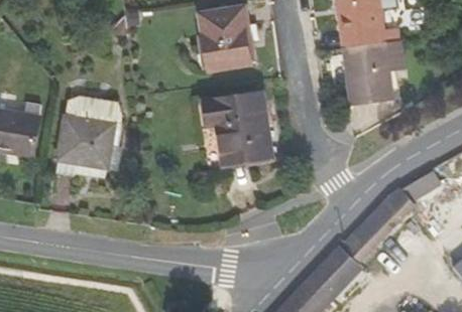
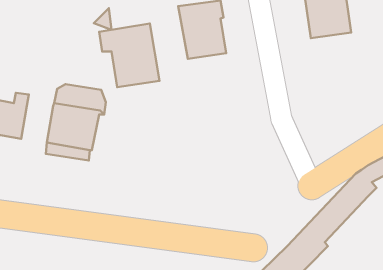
building: [342,39,403,106] -> none
building: [206,94,270,162] -> [99,23,159,87]

